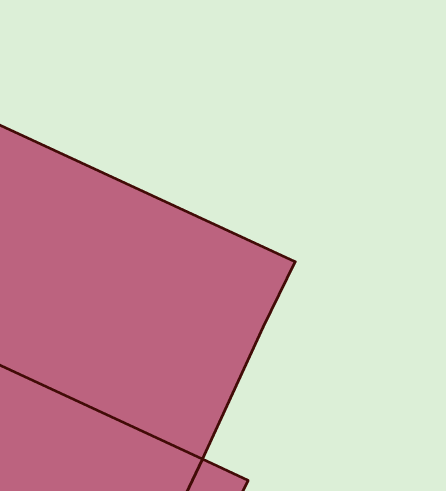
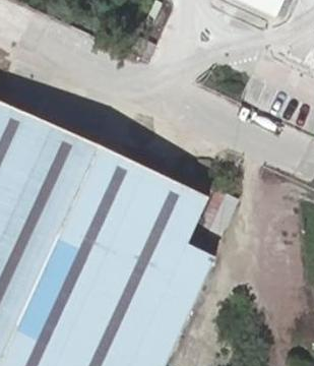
building: none -> [145,243,216,346]

